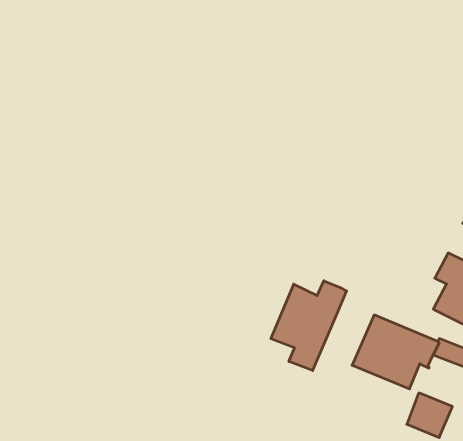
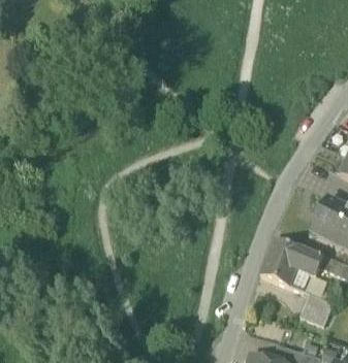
building: [271,281,347,371] -> none

